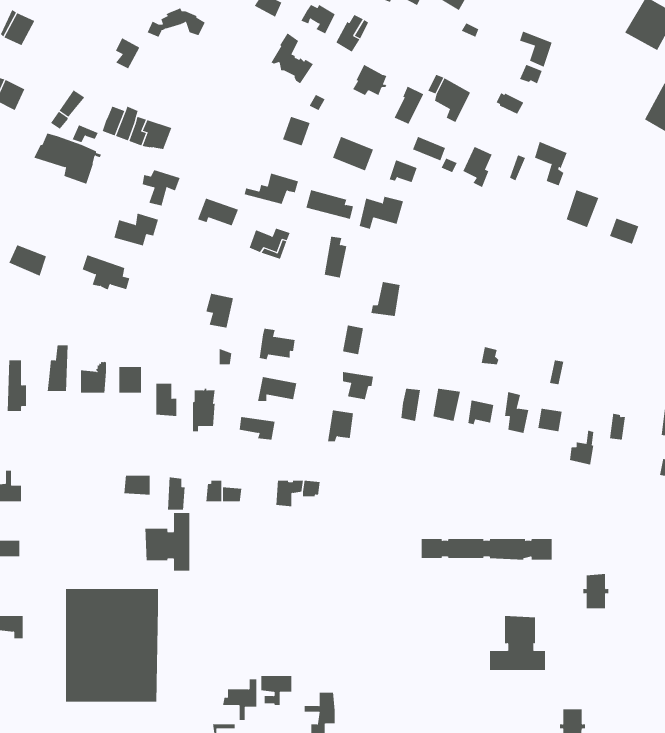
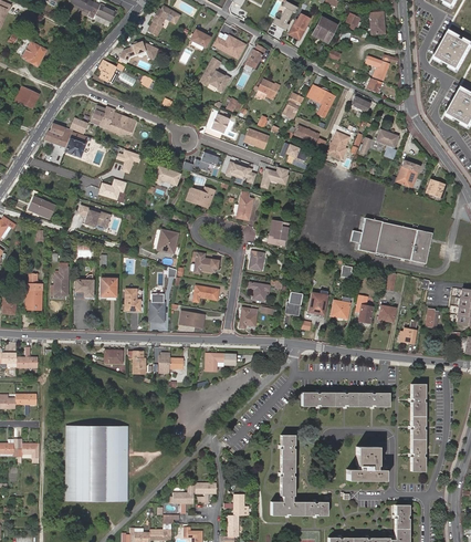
building: none -> [350,217,431,262]
building: [145,512,190,571] -> none
building: none -> [408,383,426,416]
building: none -> [270,434,326,514]
building: none -> [408,438,426,470]

